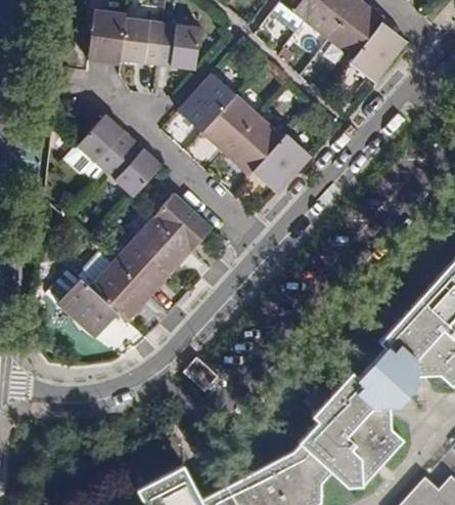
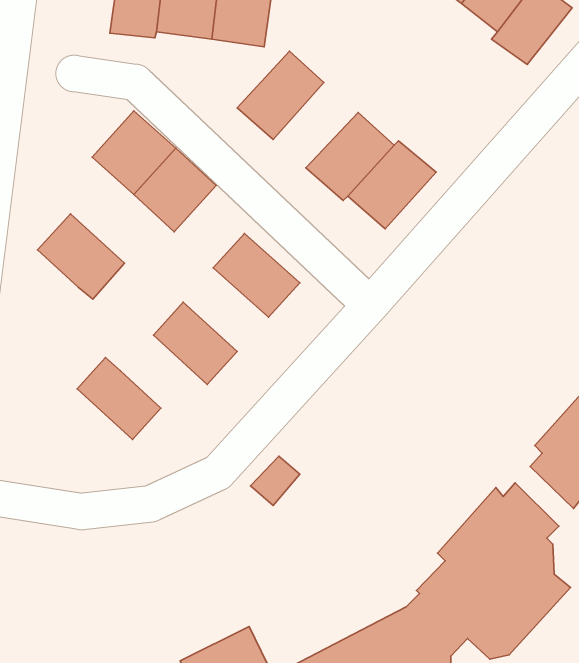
building: [199,94,258,153] -> none
building: [138,221,196,279] -> none
building: [95,267,154,326] -> [38,214,124,299]

